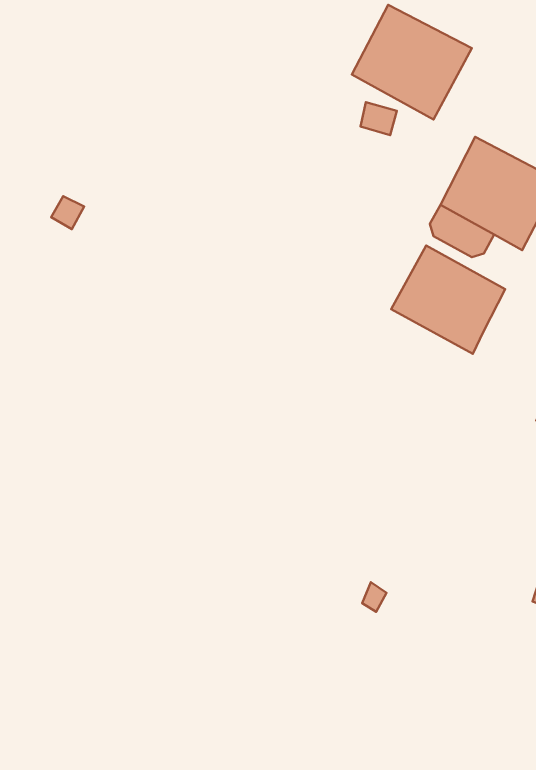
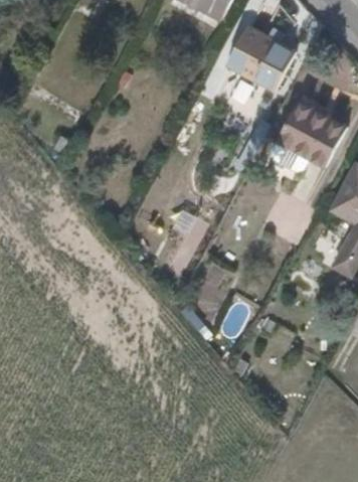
building: [391,245,505,354] -> none

